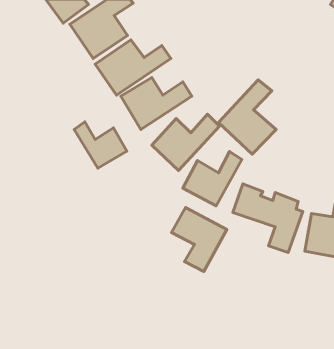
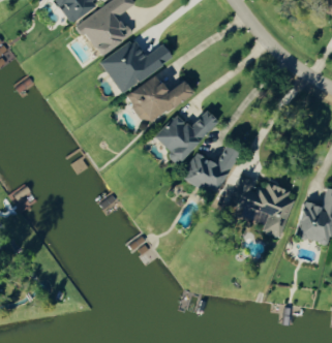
building: [218,80,276,154] -> none
building: [74,122,127,168] -> none
building: [172,208,227,272] -> none

